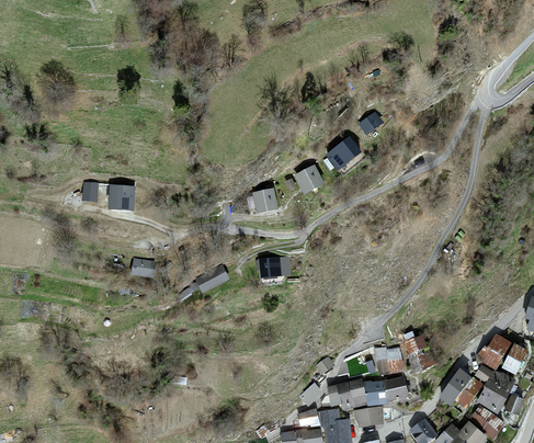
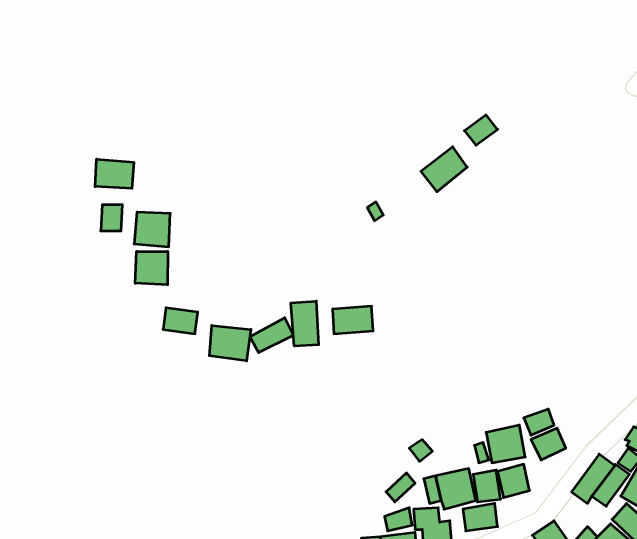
building: none -> [95,159,134,188]
building: [294,164,323,194] -> none
building: [251,189,276,213] -> none
building: none -> [135,251,168,285]
building: none -> [291,301,319,346]
building: none -> [209,325,251,361]

